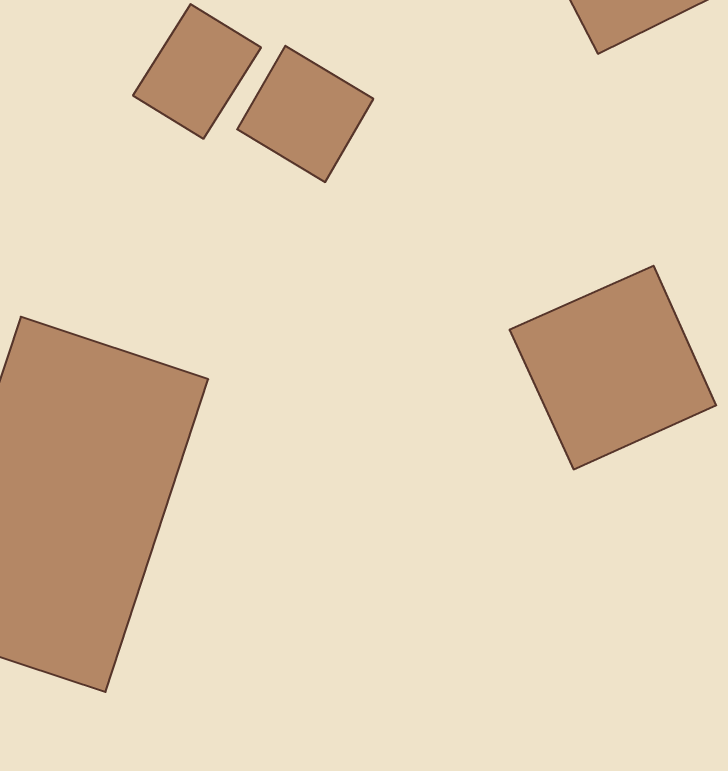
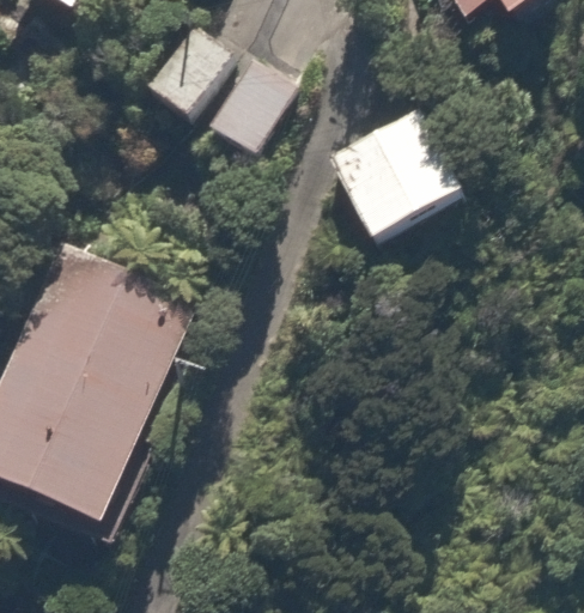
building: [509,266,716,469] -> [326,99,480,251]

